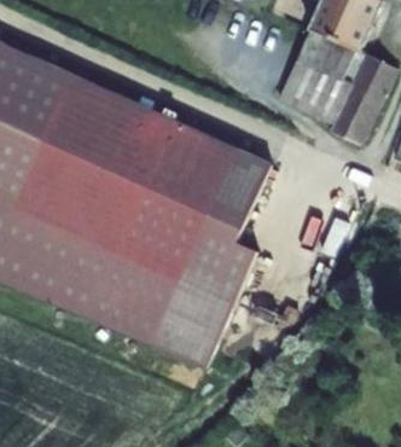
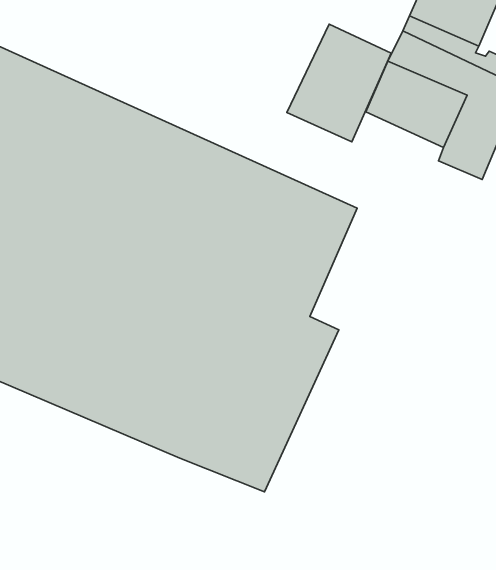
building: none -> [287,24,391,142]

